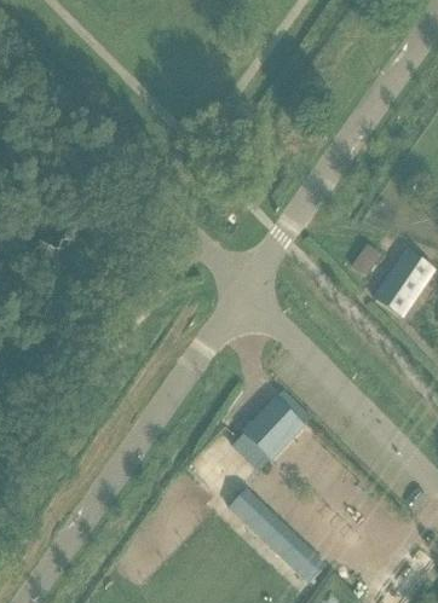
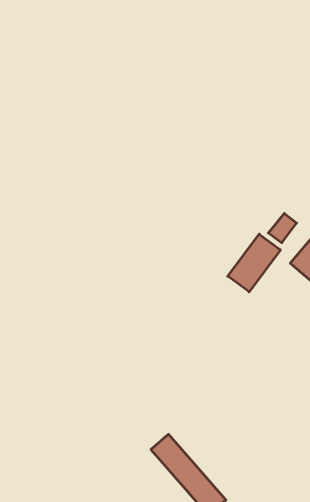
building: none -> [228,234,280,292]
building: [243,398,305,460] -> none

